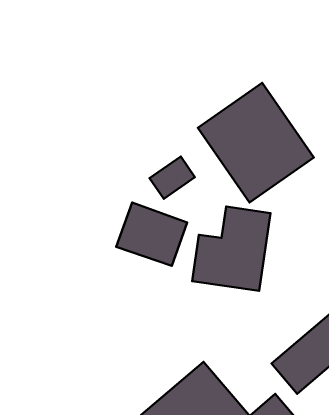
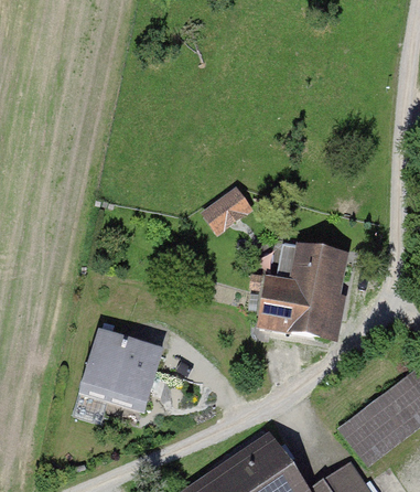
building: [198,83,314,202] -> none
building: [116,202,187,266] -> [73,334,155,408]

